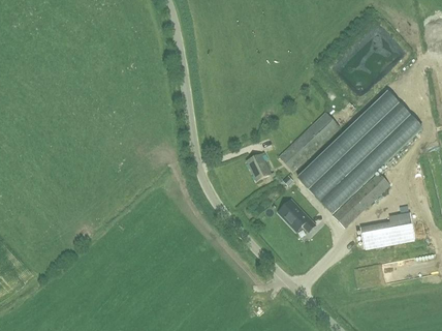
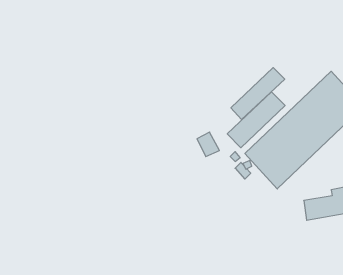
building: [334,172,390,227] -> [231,68,285,120]
building: [279,200,315,231] -> none

